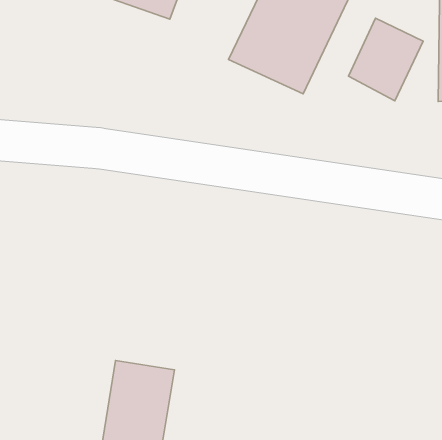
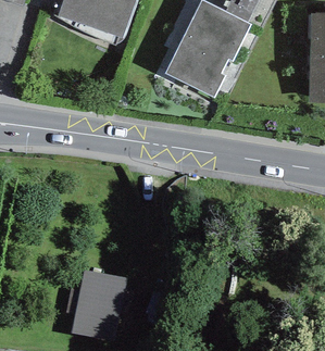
building: [349,18,423,101] -> none

